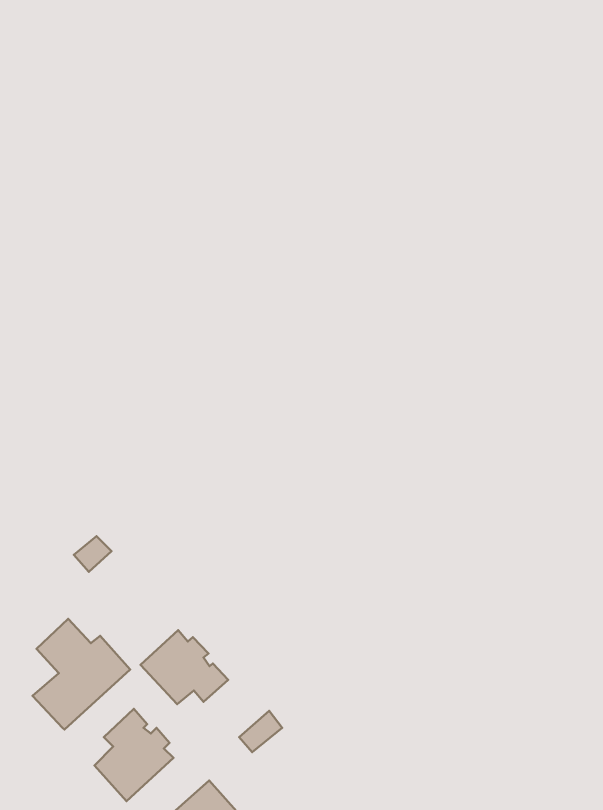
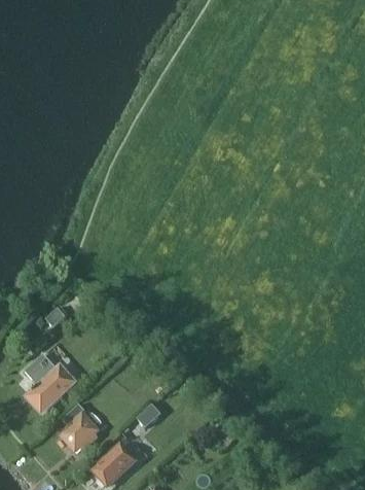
building: [140,630,228,704] -> none

